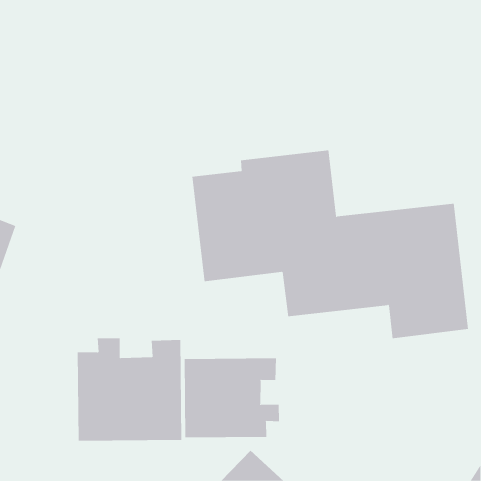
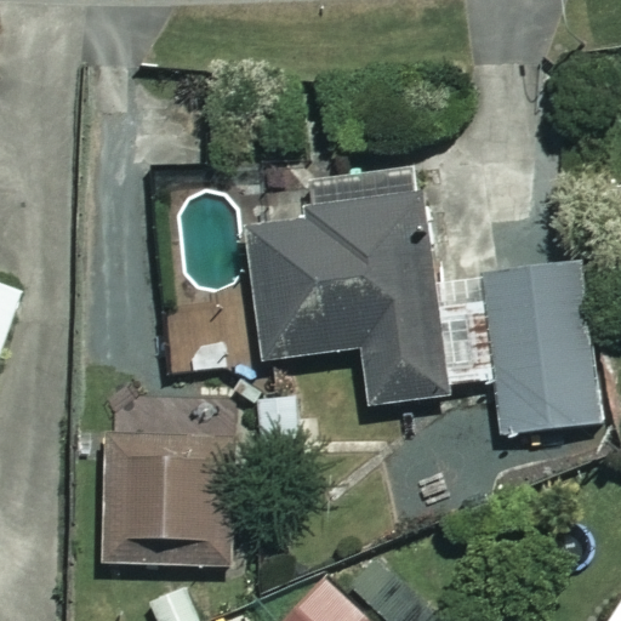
building: [184,358,279,438] -> none

